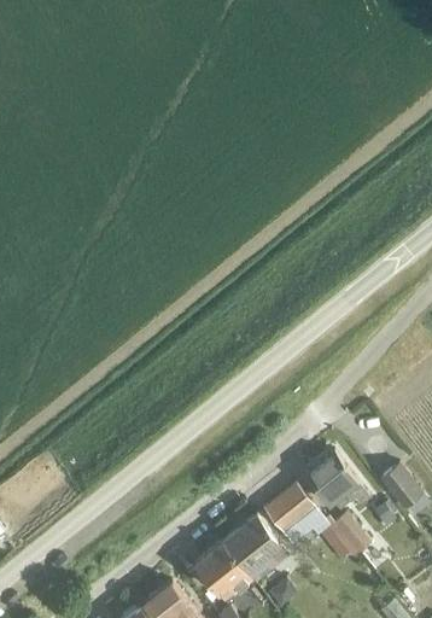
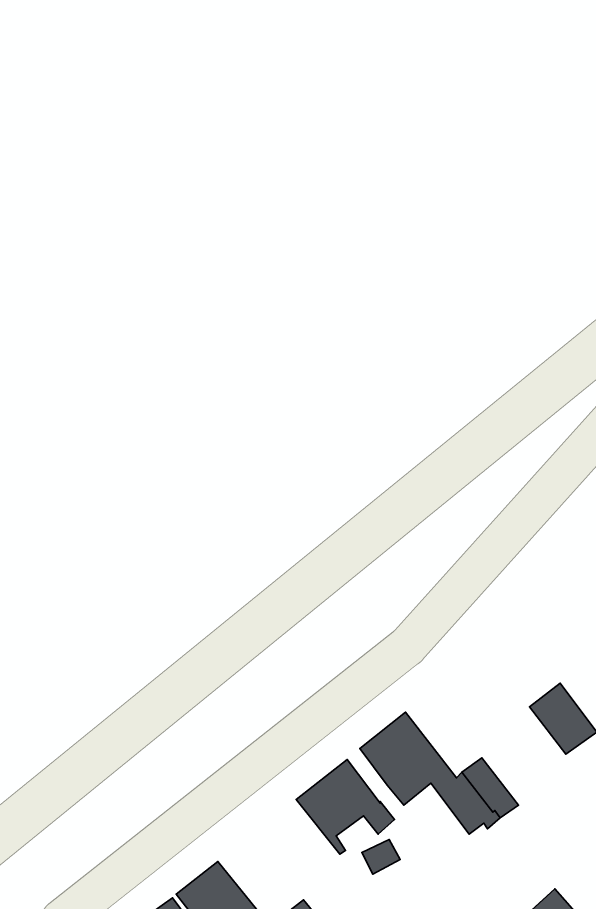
building: [307,453,370,508] -> none
building: [194,541,252,601] -> none

